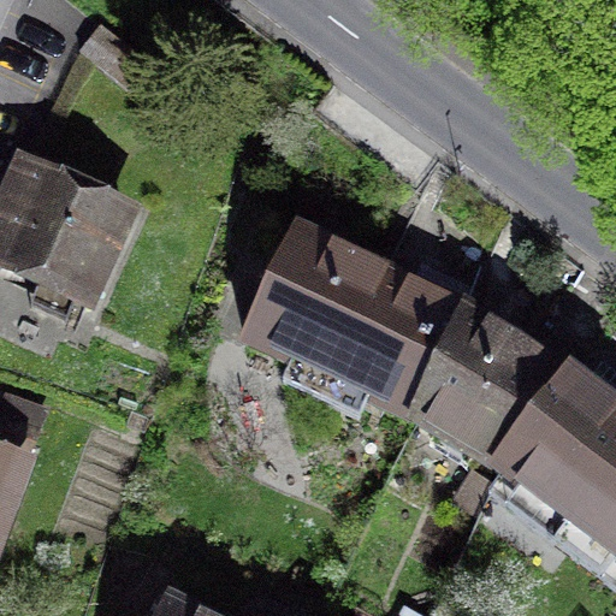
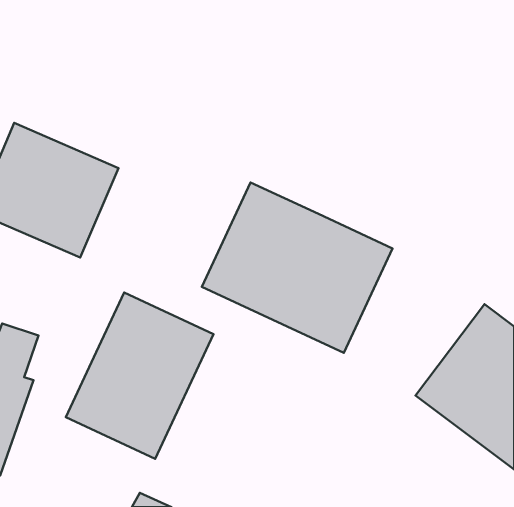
building: [408,295,575,469] -> none
building: none -> [66,292,213,459]

